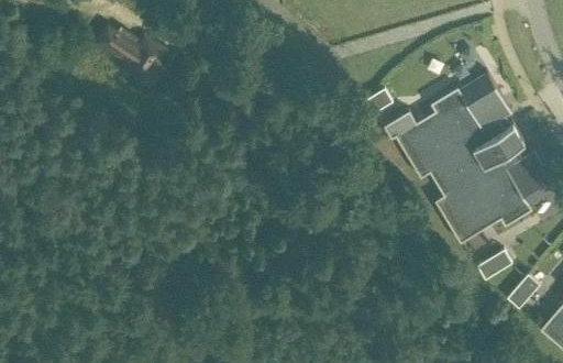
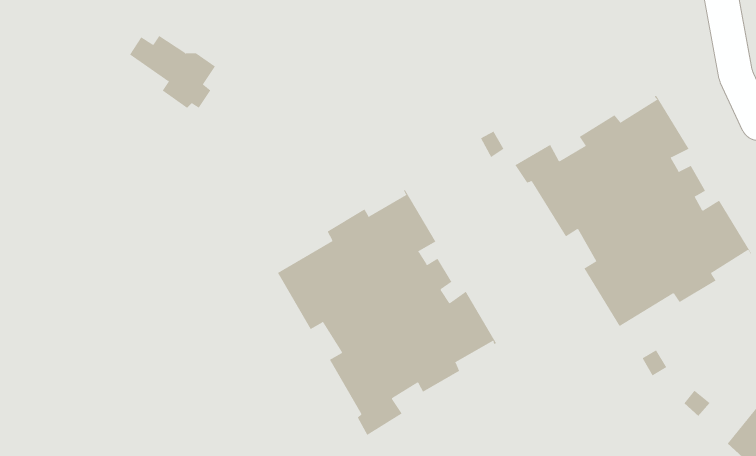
building: none -> [277,189,497,436]

